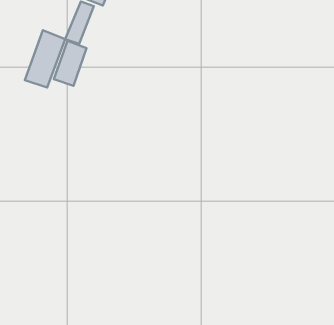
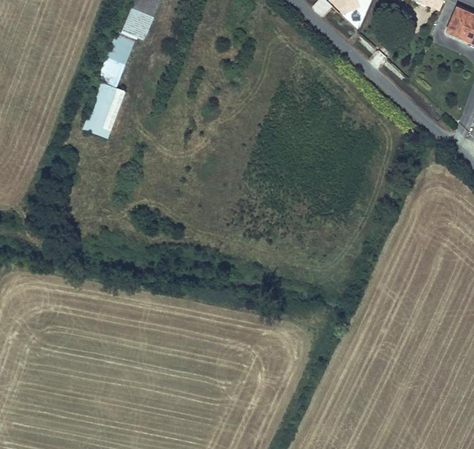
building: [25,30,65,88] -> none

